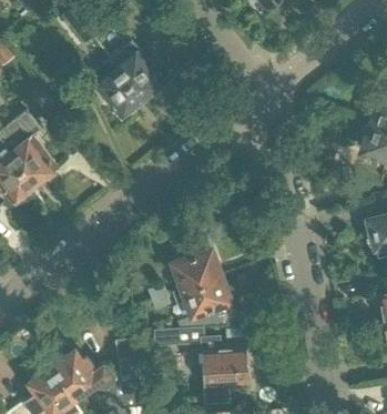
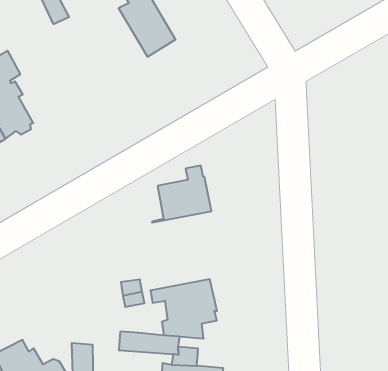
building: [88,64,142,119] -> none
building: [173,241,221,294] -> [152,166,211,223]

